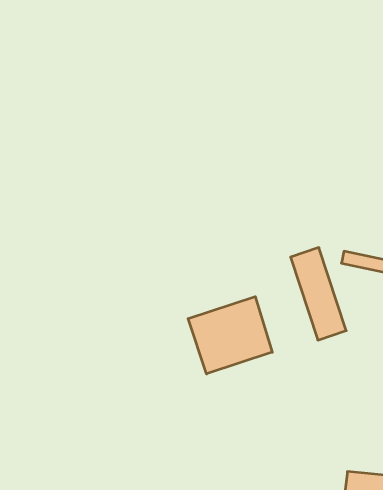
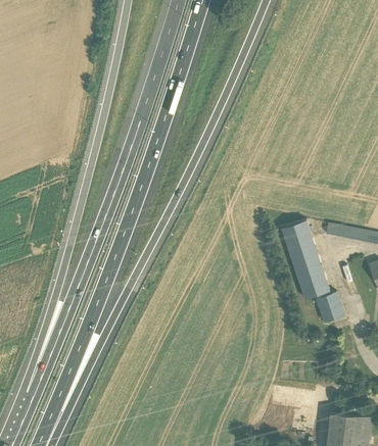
building: [188,297,272,374] -> none
building: none -> [315,291,346,323]

